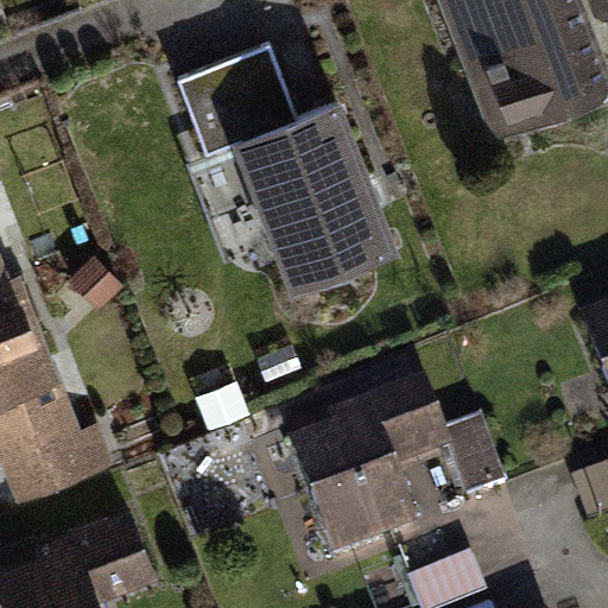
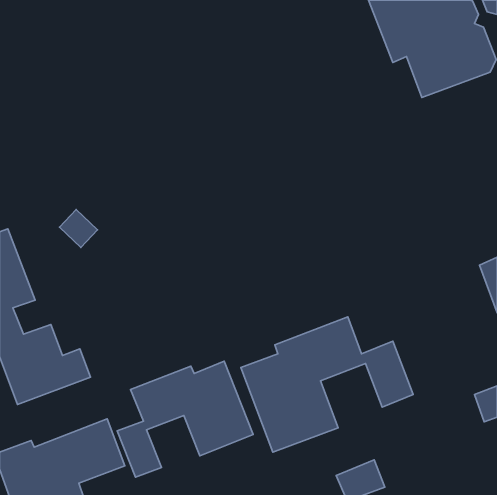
building: [178,44,391,284] -> none
building: none -> [117,361,253,477]

